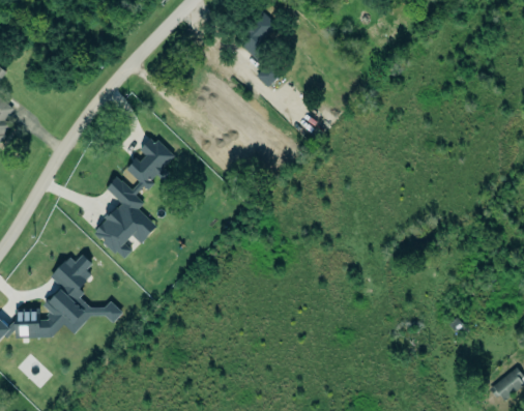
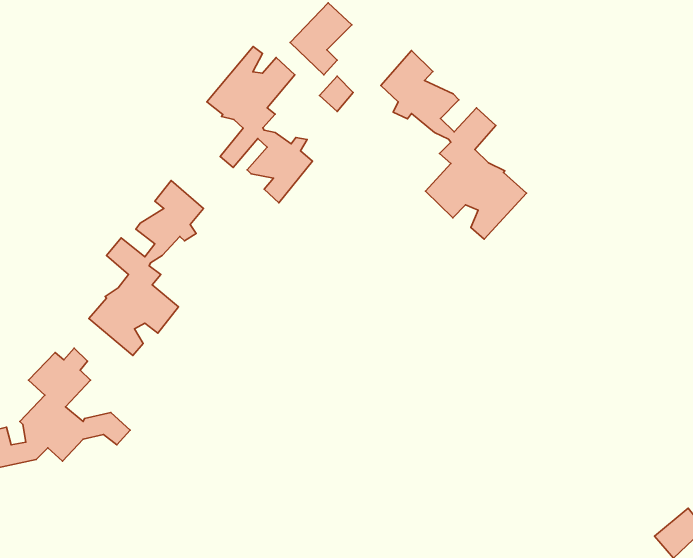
building: none -> [207,46,313,203]
building: none -> [381,51,526,239]

